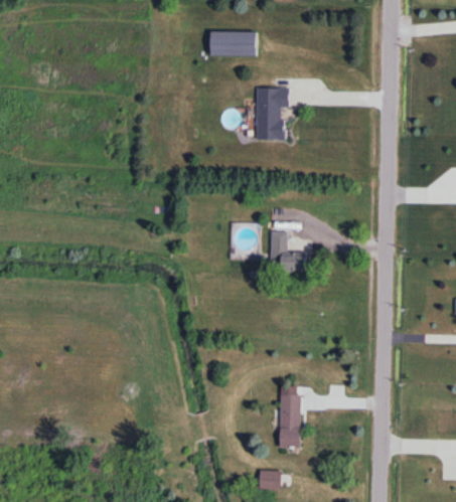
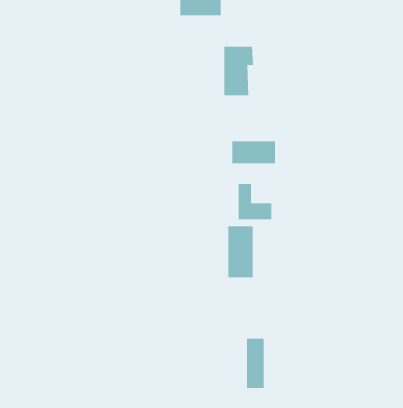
building: none -> [232,140,275,164]
building: none -> [228,226,253,278]

